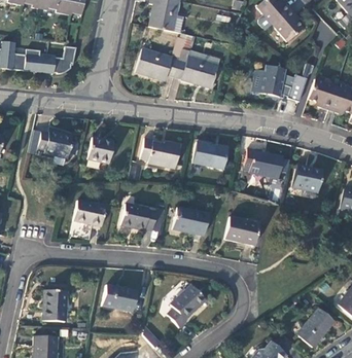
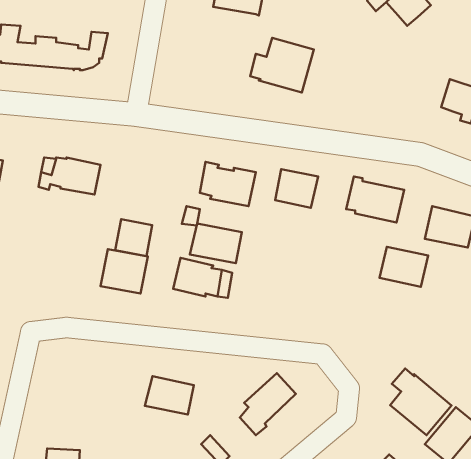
building: [137,37,186,81] -> none
building: [252,62,314,100] -> none
building: [87,137,113,163] -> [115,219,152,256]
building: [173,207,209,235] -> [190,223,242,263]
building: [224,216,258,244] -> [379,247,428,287]
building: none -> [390,369,452,435]
building: [43,289,68,321] -> none

